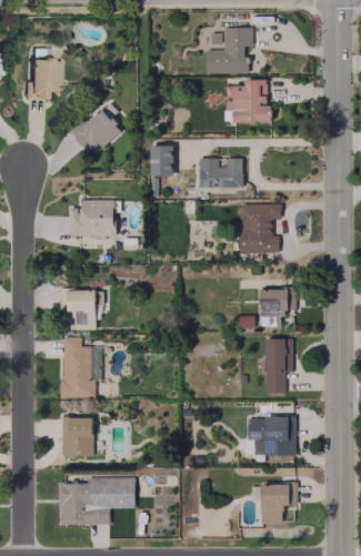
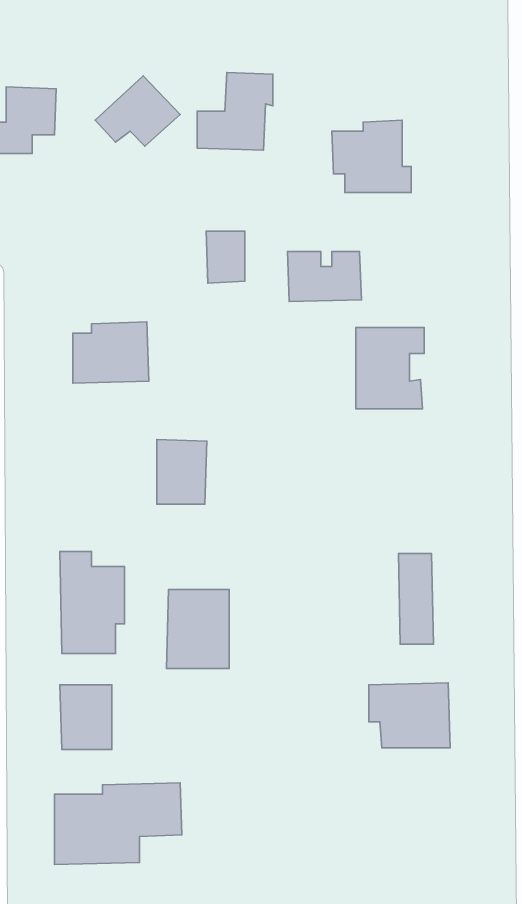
building: [207,27,252,73] -> [197,72,273,150]
building: [72,107,123,149] -> [95,76,180,146]
building: [260,289,298,328] -> none
building: [67,290,97,328] -> [157,439,207,504]
building: none -> [166,590,229,668]
building: [261,484,298,524] -> none

